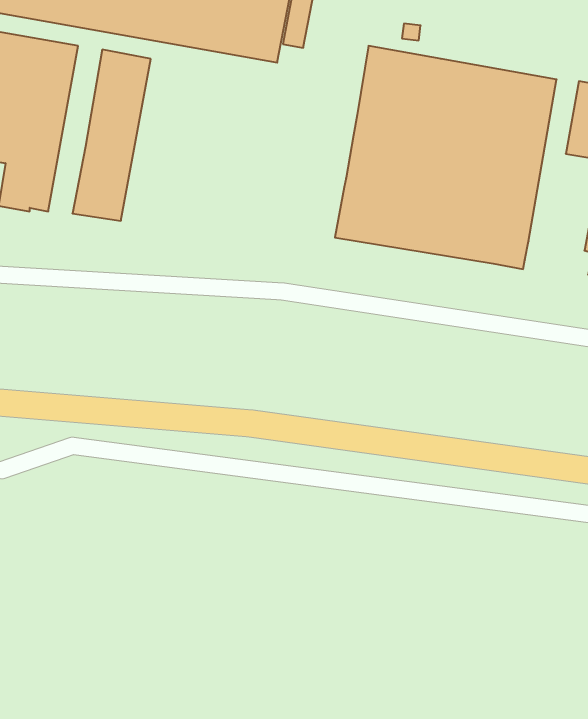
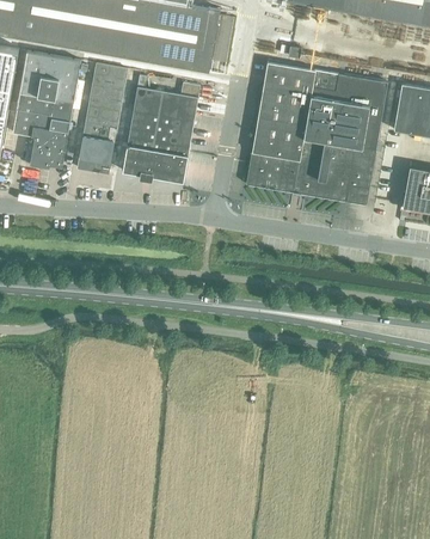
building: none -> [122,75,198,182]

